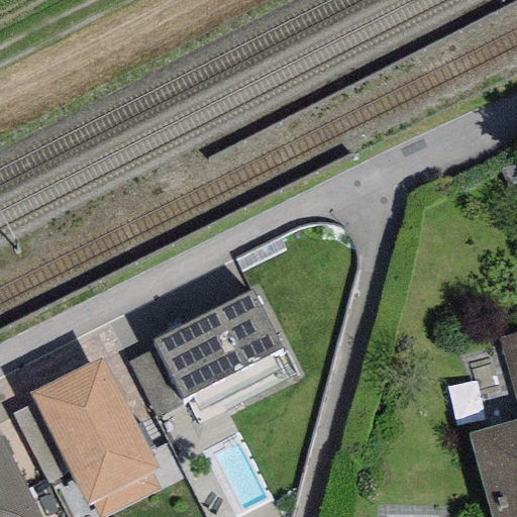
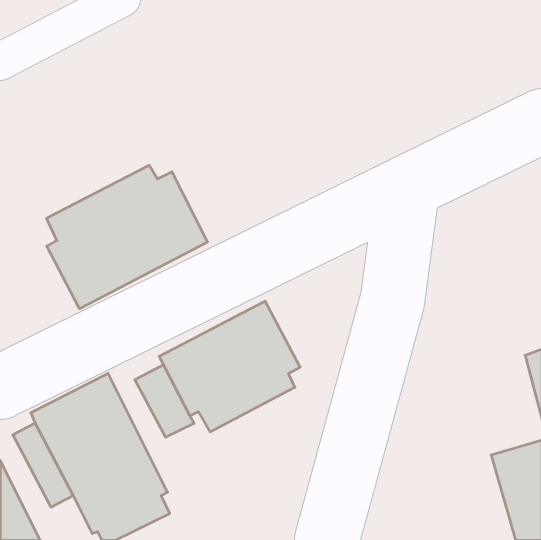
building: none -> [47,165,207,309]

